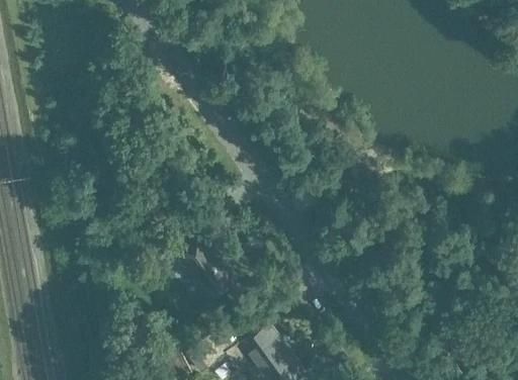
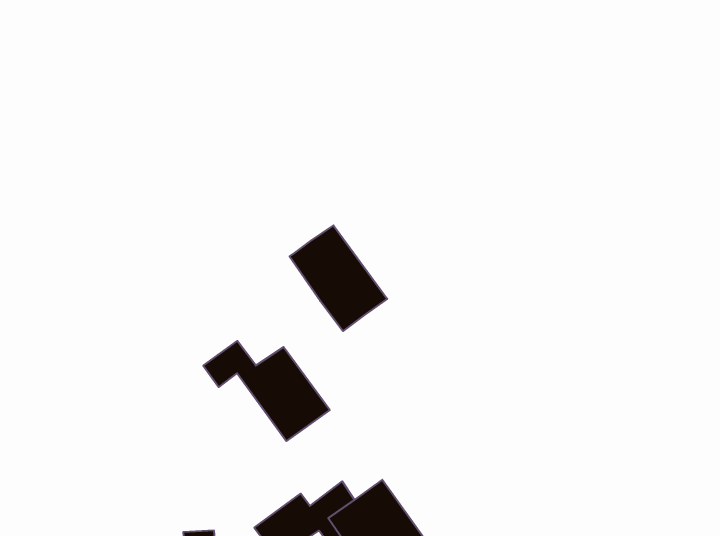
building: none -> [290,225,387,331]

